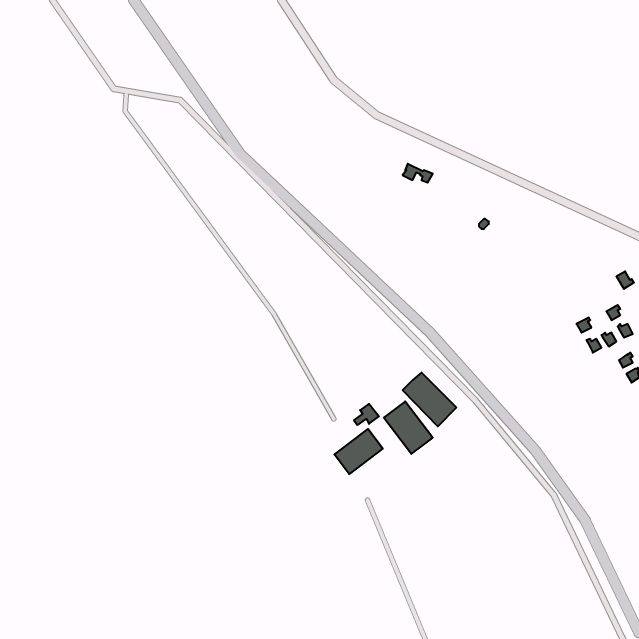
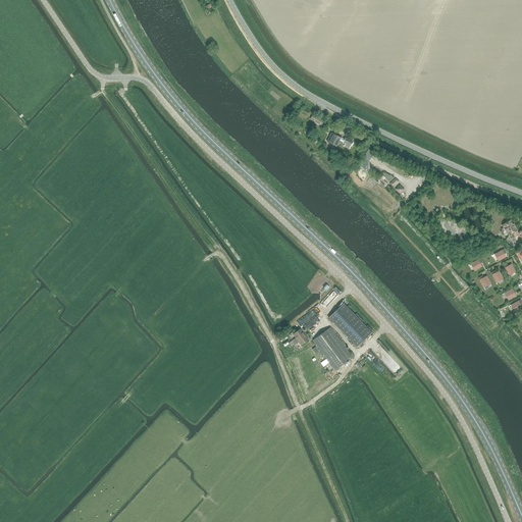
building: [334,429,383,474] -> none

